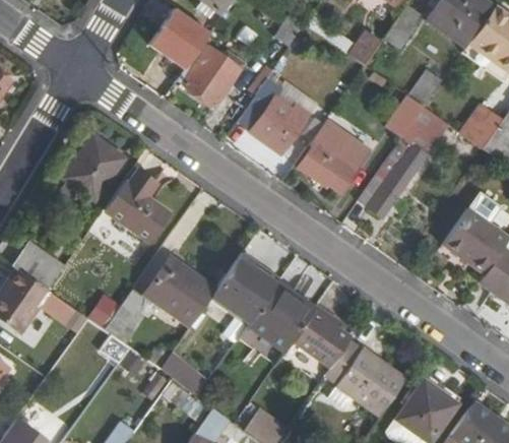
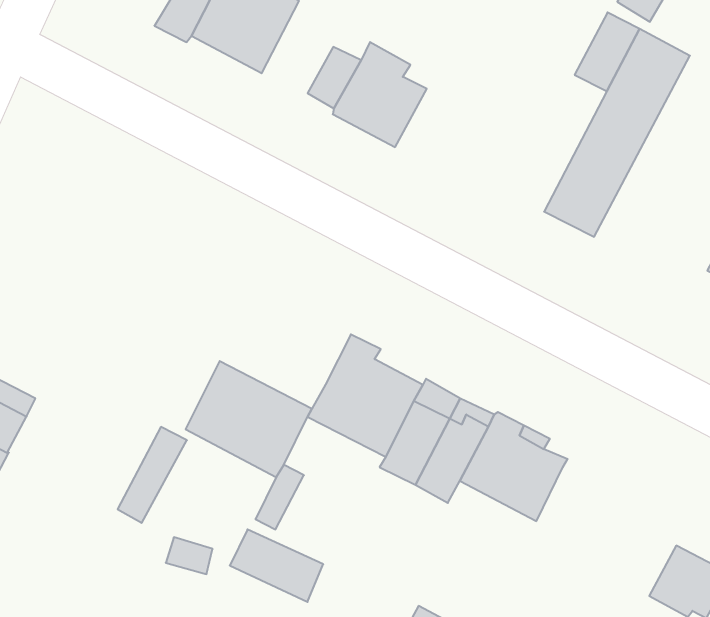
building: [301,117,371,188] -> none
building: [68,138,126,202] -> none
building: [107,170,170,240] -> none
building: [325,339,406,417] -> none

